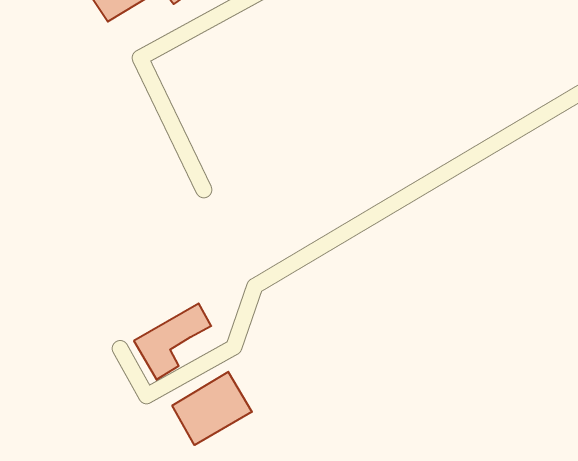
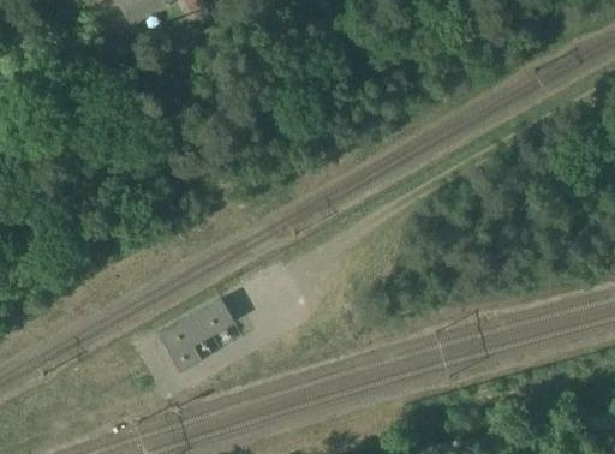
building: [172,372,252,445] -> none

